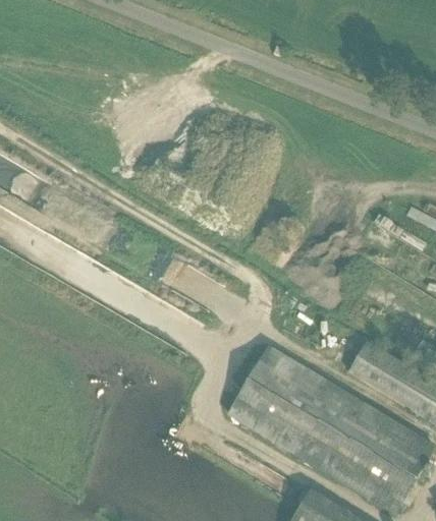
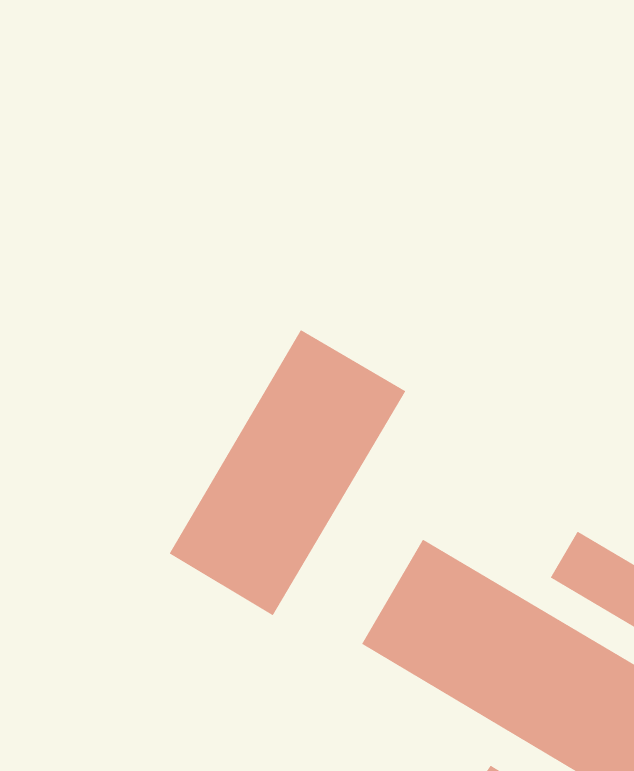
building: none -> [169,329,406,616]

